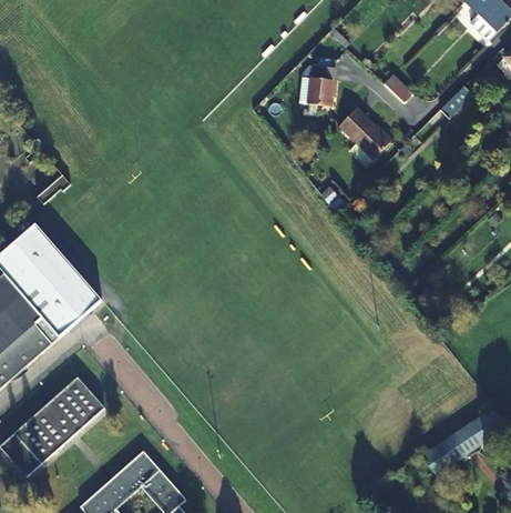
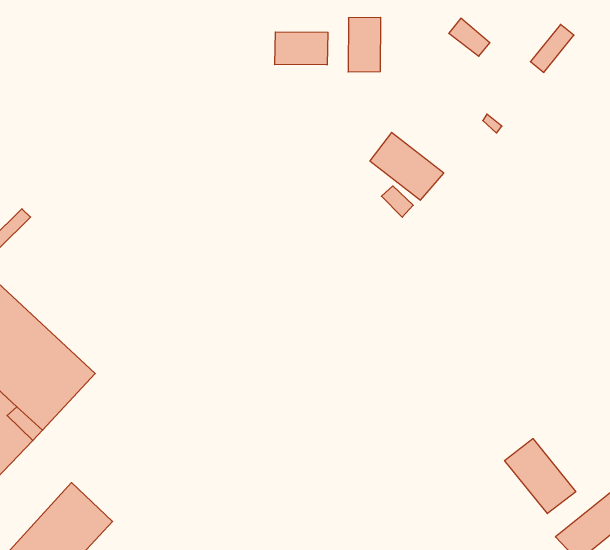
building: none -> [275,32,328,65]
building: [338,108,390,159] -> [370,132,444,200]
building: none -> [505,439,576,514]

